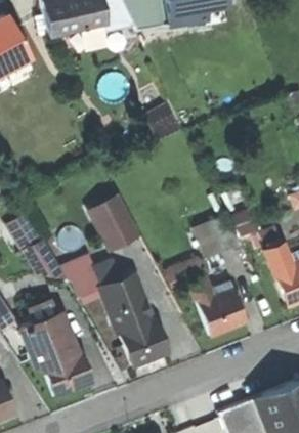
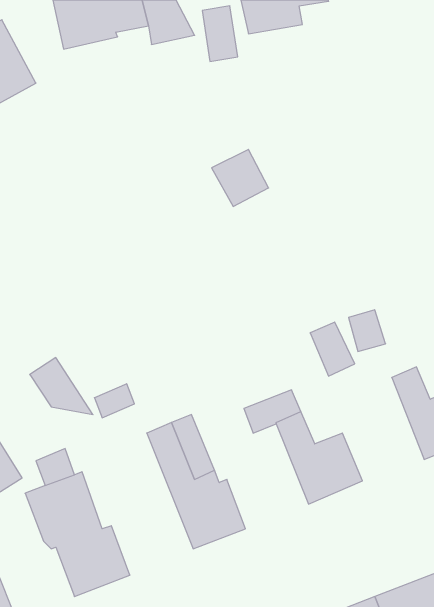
building: [100,194,139,241] -> none
building: [73,262,119,295] -> none

